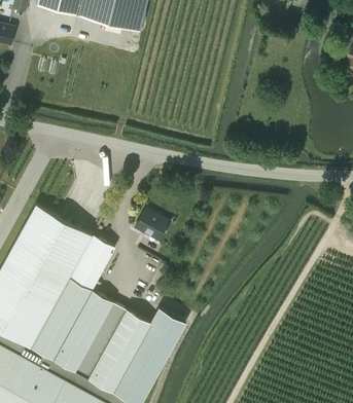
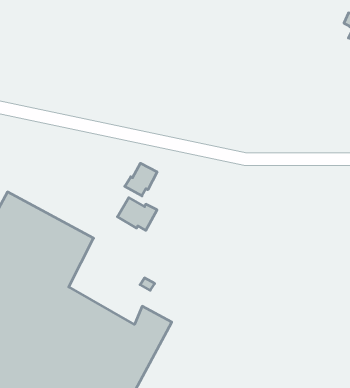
building: none -> [125,163,157,196]

